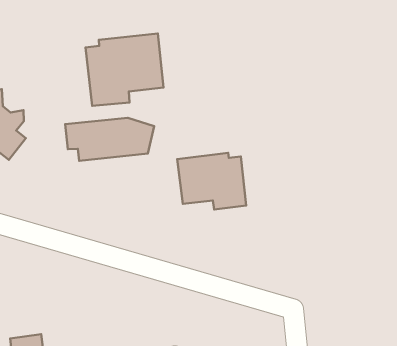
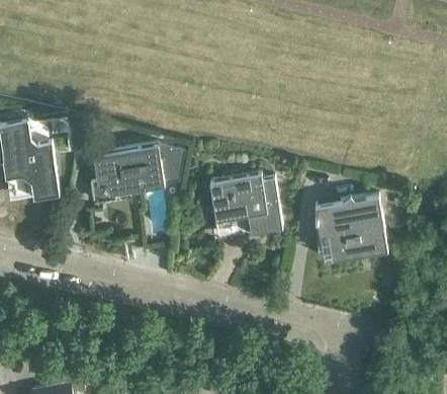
building: [85,34,163,106] -> none
building: none -> [315,196,388,261]

